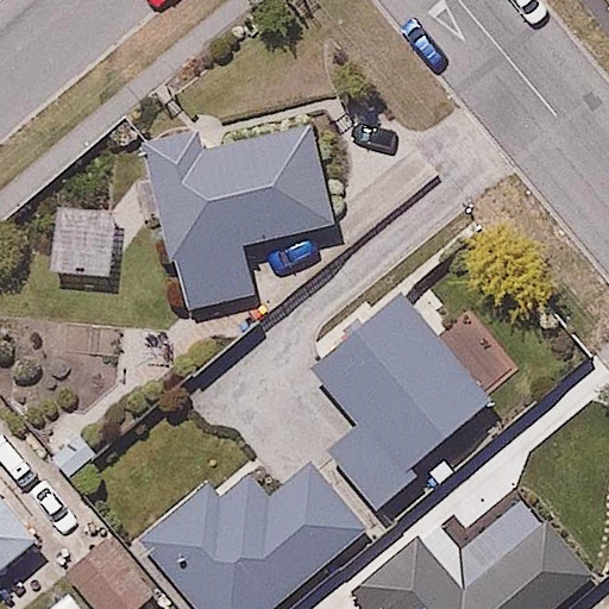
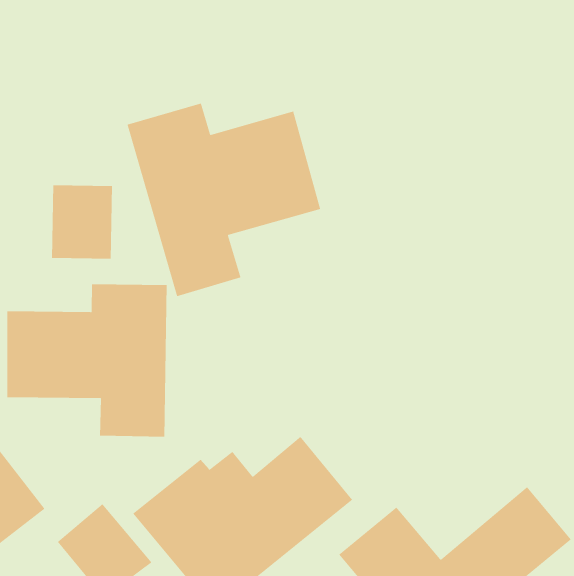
building: [313,294,485,519] -> none
building: none -> [7,283,168,438]

